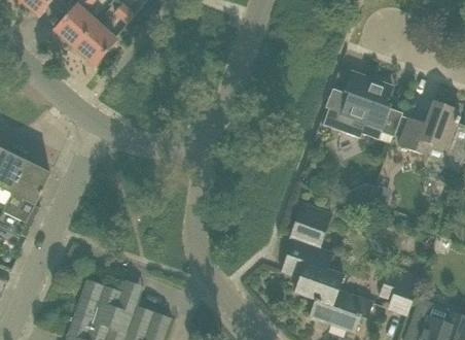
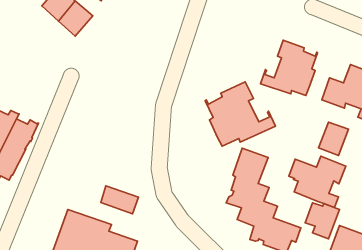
building: none -> [205,82,275,146]
building: none -> [318,122,348,156]
building: none -> [289,156,346,208]
building: none -> [101,186,138,214]

